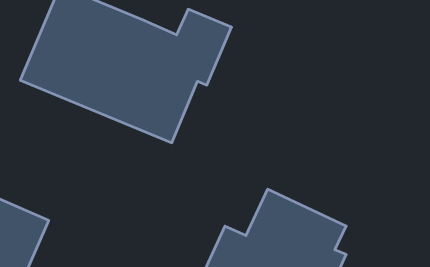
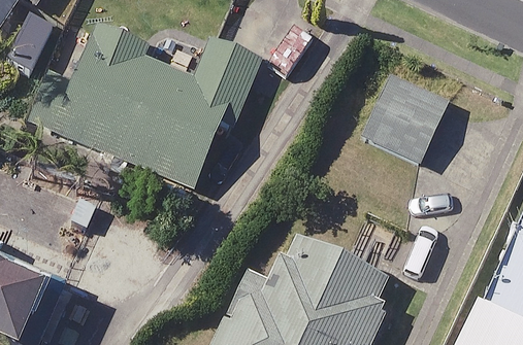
building: none -> [365,76,448,161]

